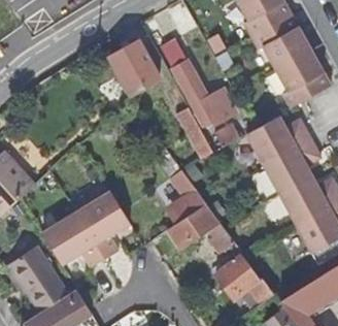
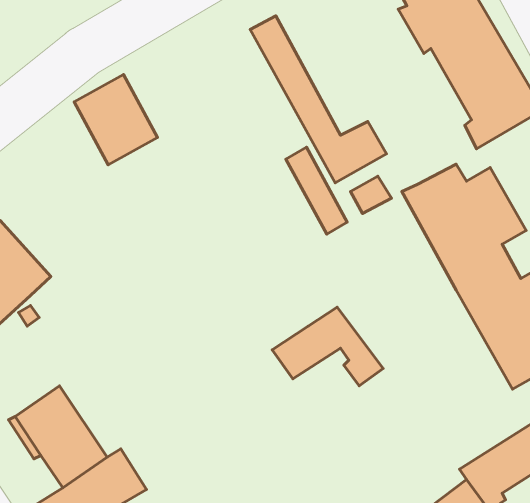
building: [110,40,161,95] -> [74,75,158,165]
building: [157,148,207,215] -> none
building: [43,190,129,266] -> none
building: [216,254,274,303] -> none

